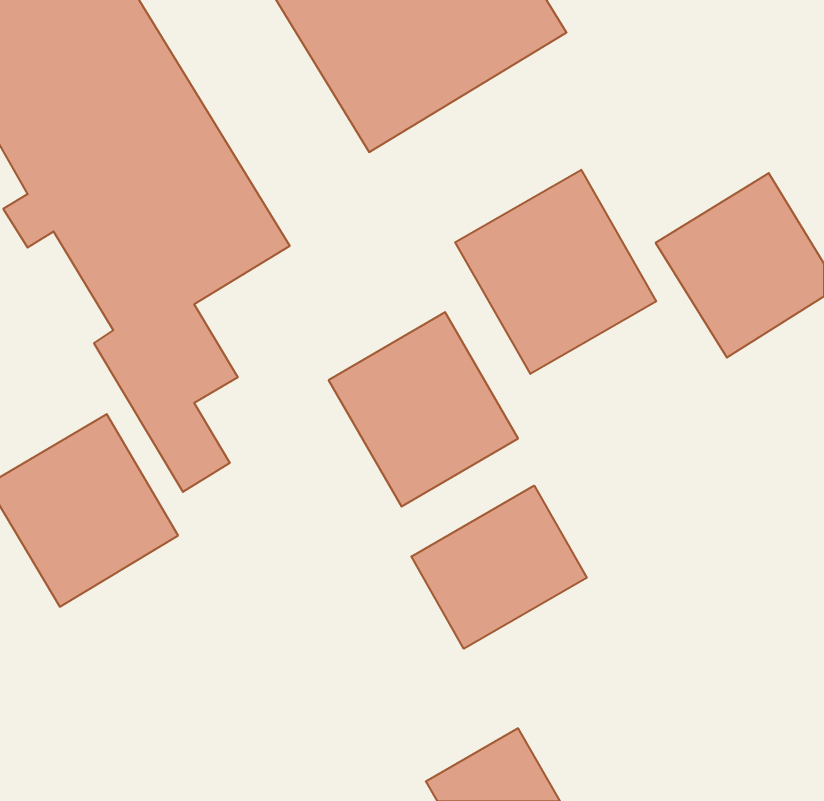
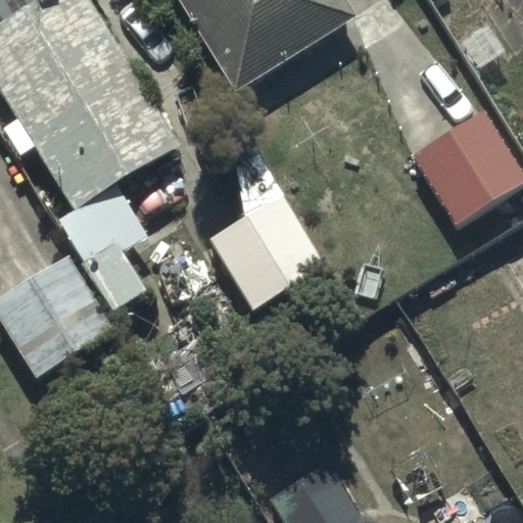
building: [455,170,656,374] -> none
building: [411,486,587,649] -> none

